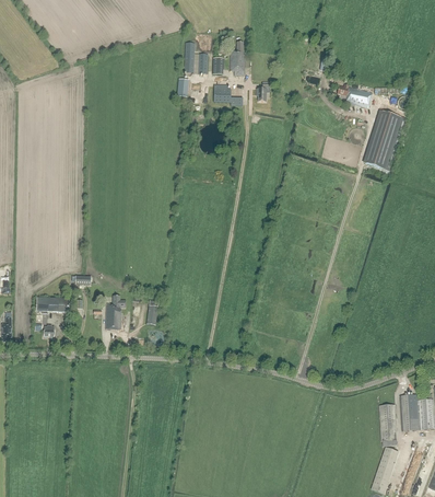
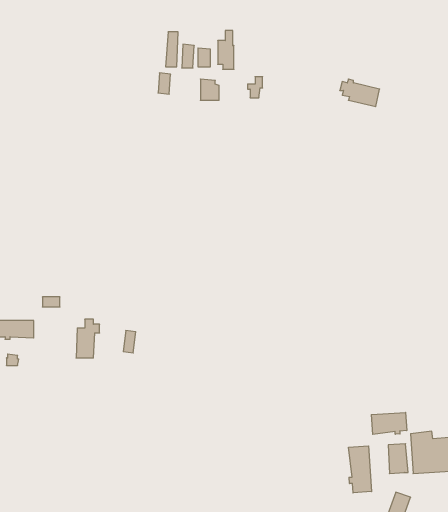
building: [365,109,407,171] -> none
building: none -> [371,412,407,434]
building: none -> [349,446,372,493]

